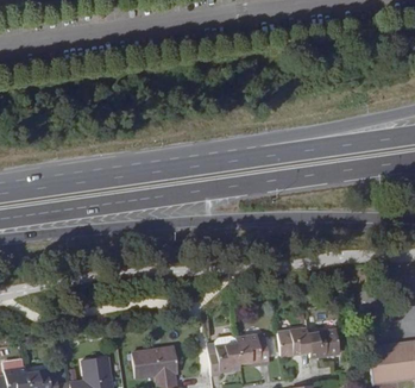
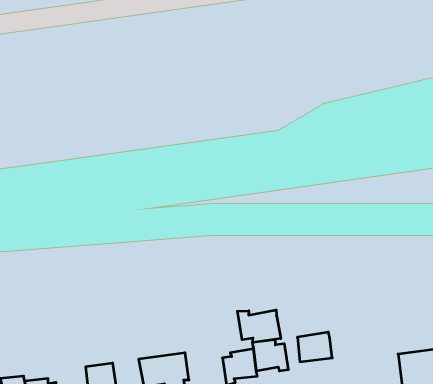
building: none -> [237,310,281,342]
building: [310,327,342,355] -> none

